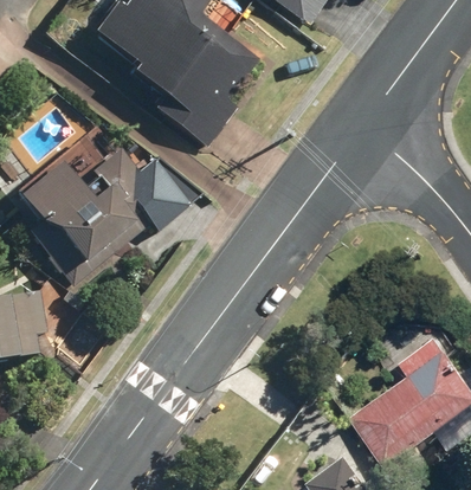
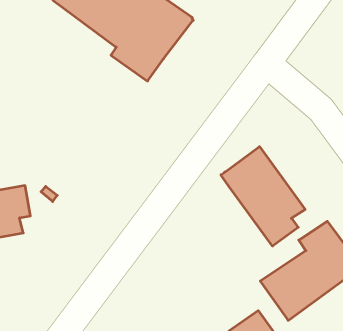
building: [24,142,170,281] -> none
building: none -> [221,147,305,246]

